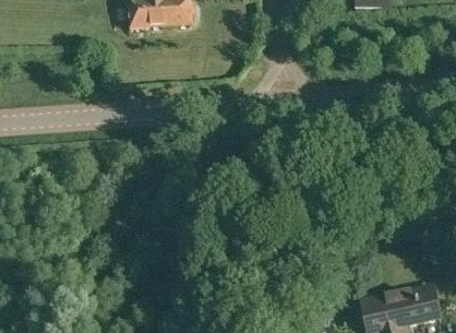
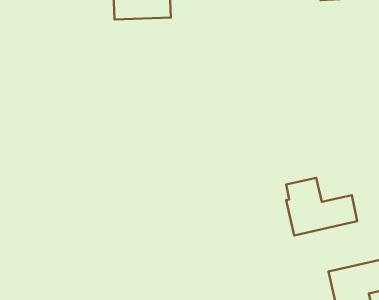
building: none -> [286,178,357,236]

